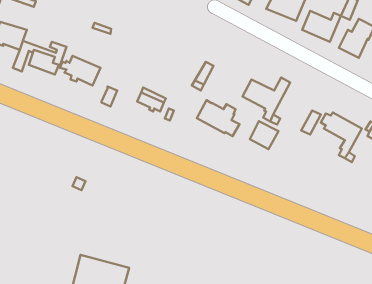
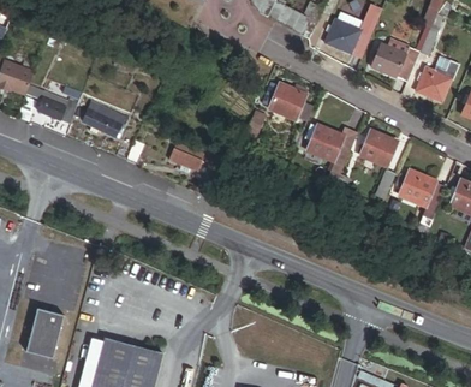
building: [197,100,239,136] -> [258,79,310,123]
building: [250,121,279,149] -> [358,129,393,162]
building: none -> [25,309,62,356]

